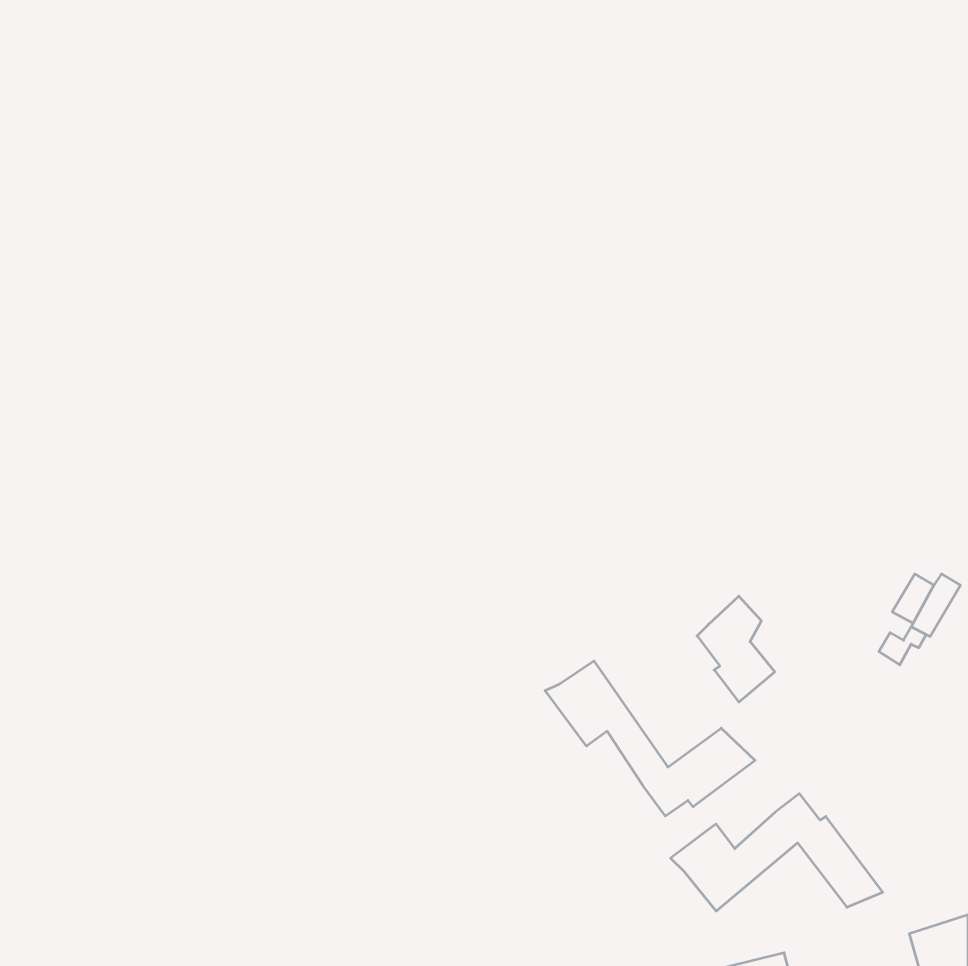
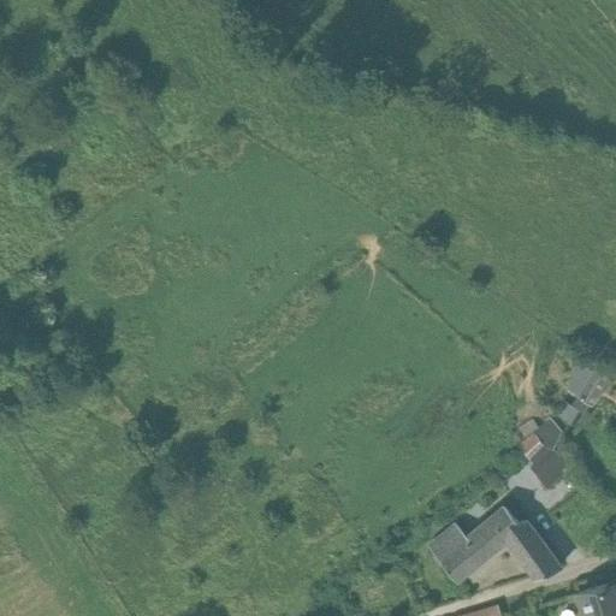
building: [697,596,775,702] -> [520,422,569,490]
building: [545,661,755,816] -> none

